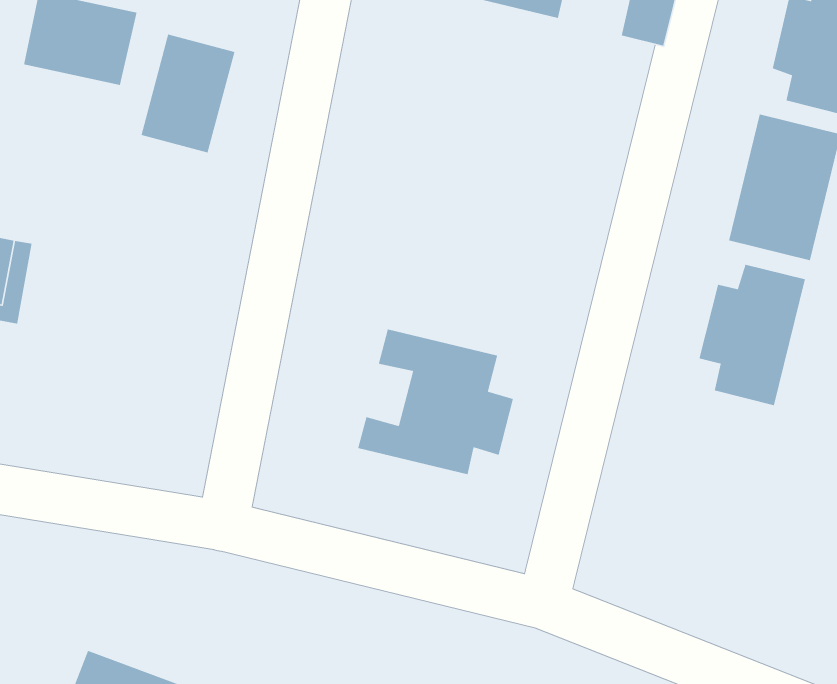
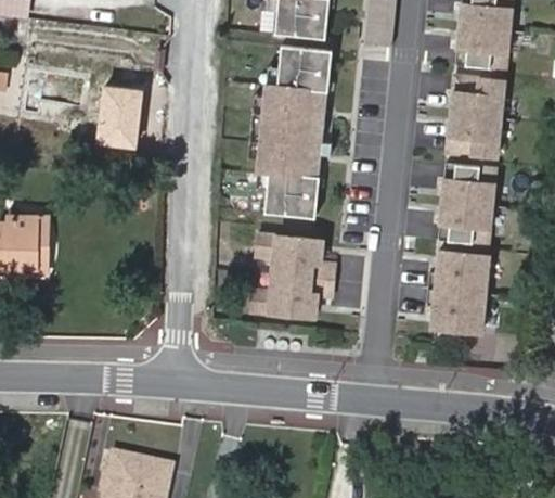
building: none -> [258,48,328,217]
building: none -> [431,252,488,333]

